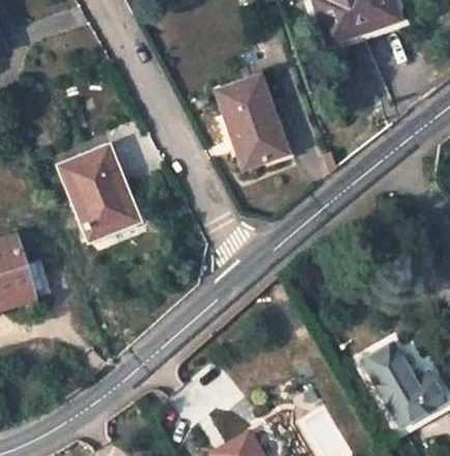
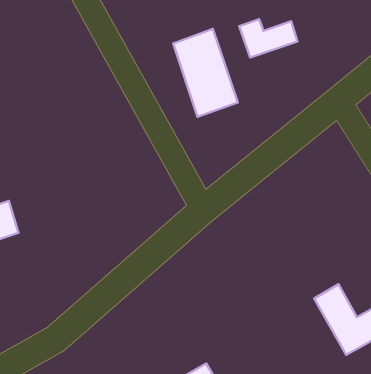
building: none -> [239,19,297,58]
building: [62,148,135,236] -> none

